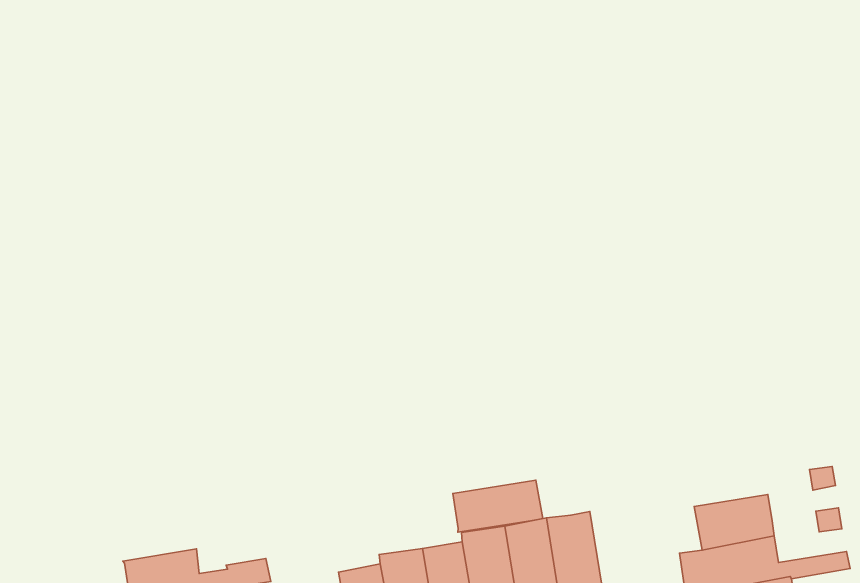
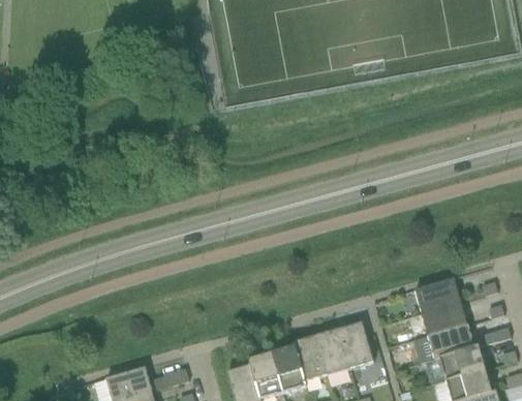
building: none -> [413,278,460,312]
building: [453,480,543,532] -> none

